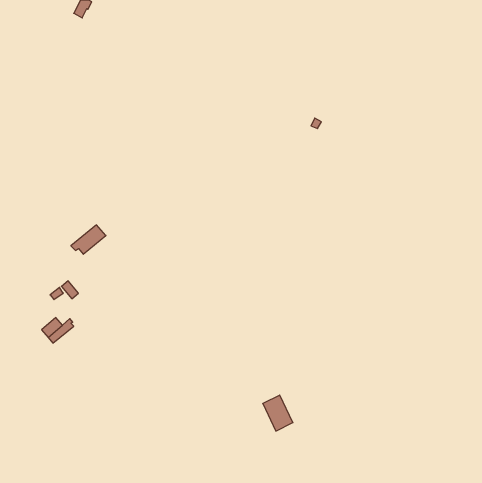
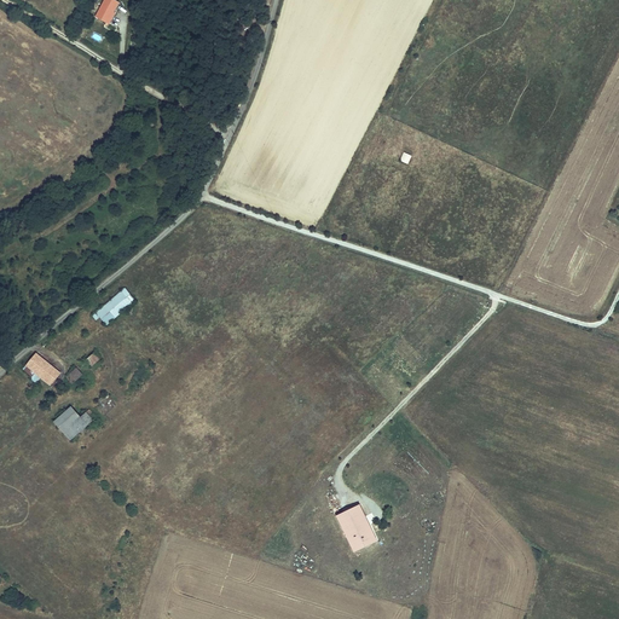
building: none -> [23,353,62,386]

